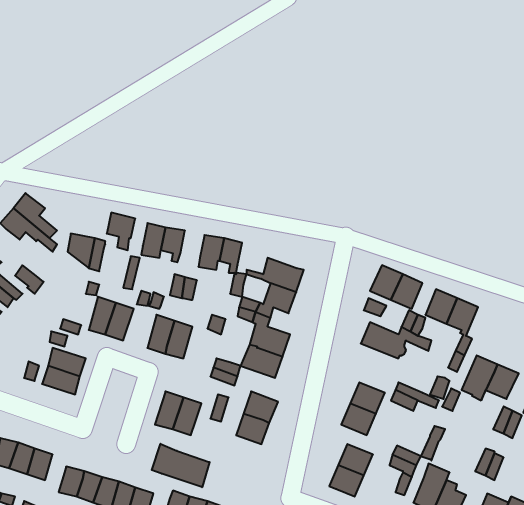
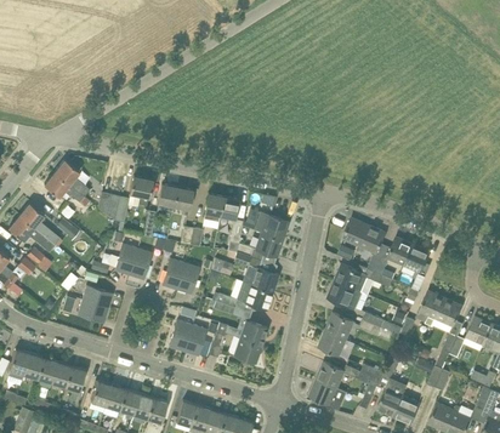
building: none -> [328,281,365,309]
building: [152,444,210,487] -> none

